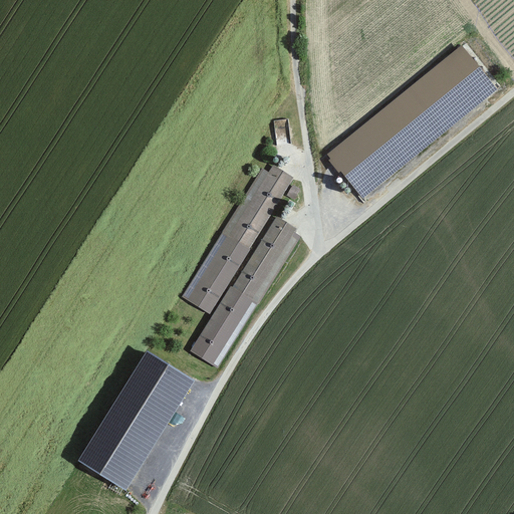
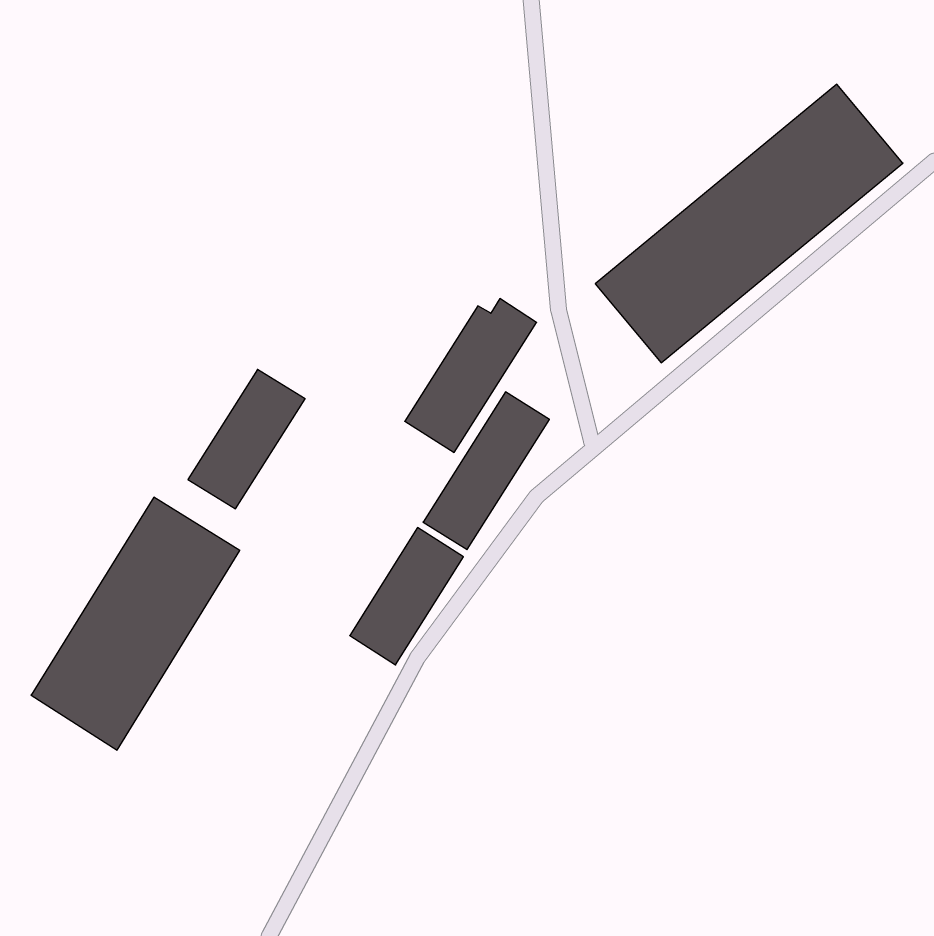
building: [182,235,246,311] -> [188,369,305,509]
building: [78,353,193,492] -> [31,497,240,750]

